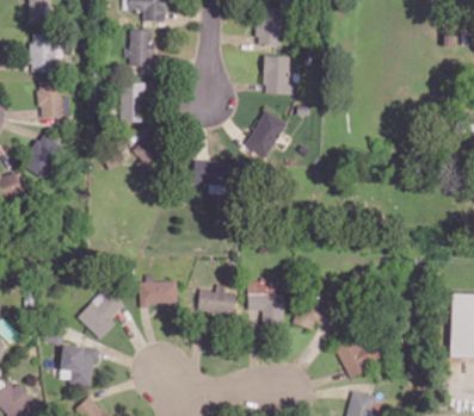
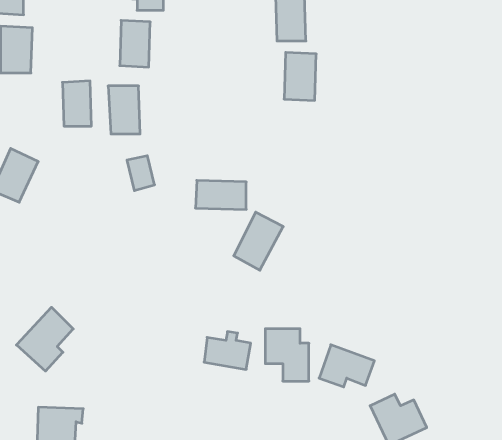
building: [38,80,62,117] -> [62,81,91,126]
building: [246,110,287,157] -> [234,212,283,270]
building: [141,274,178,305] -> none
building: [78,286,124,339] -> [16,307,73,371]

